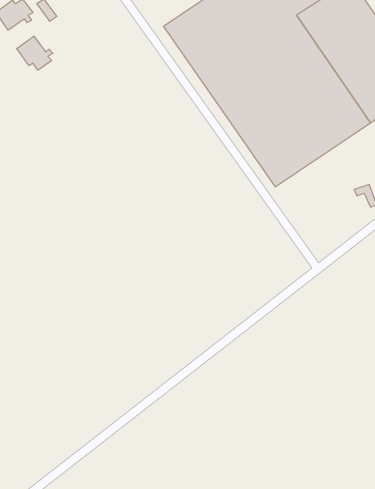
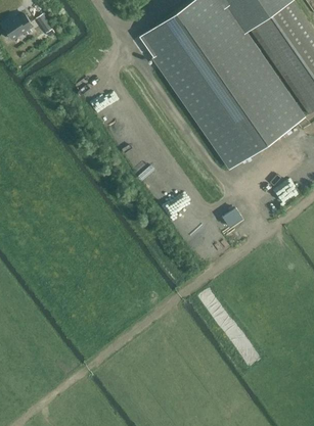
building: [17,36,53,70] -> none

